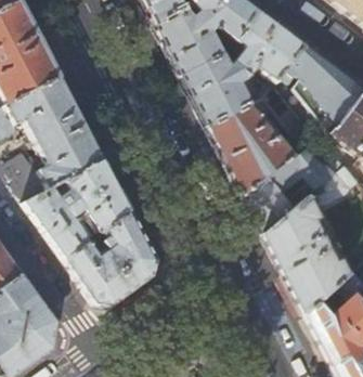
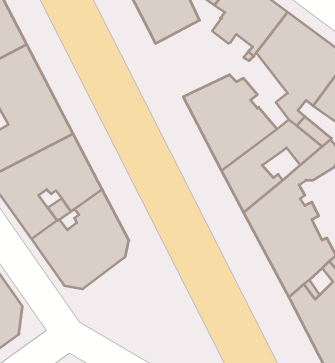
building: [181,46,256,126] -> none

